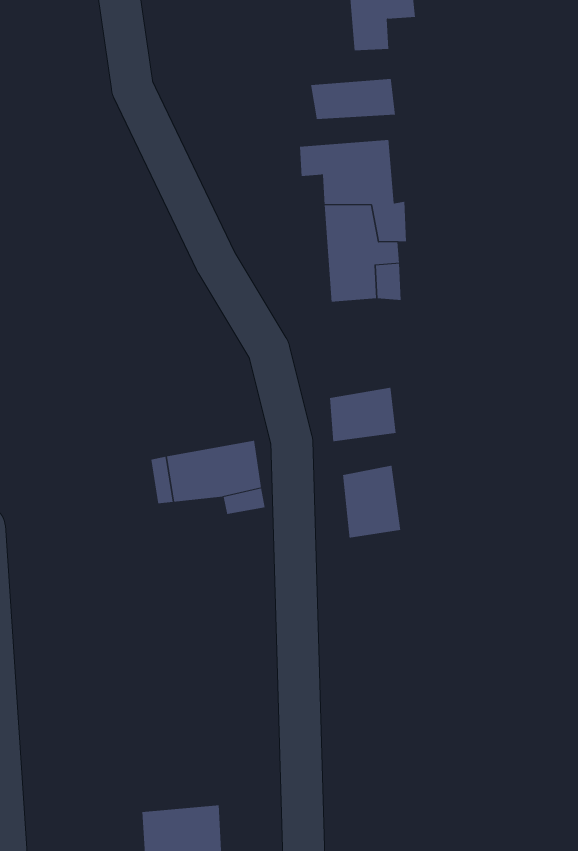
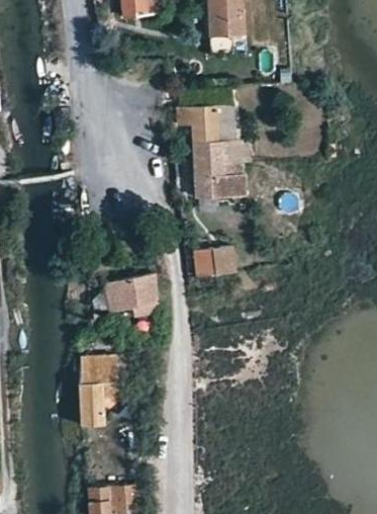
building: [310,78,396,120] -> none
building: [343,465,401,539] -> none
building: none -> [79,354,116,425]

